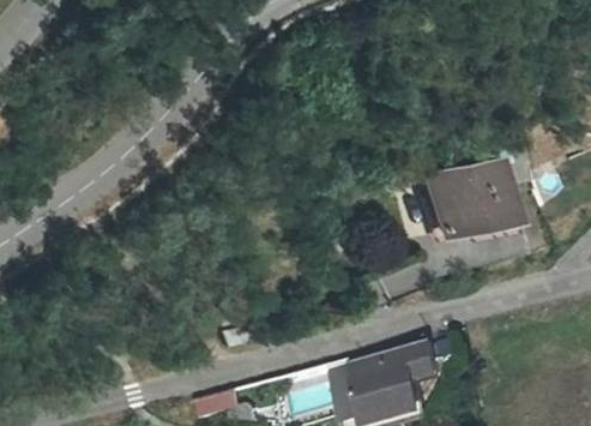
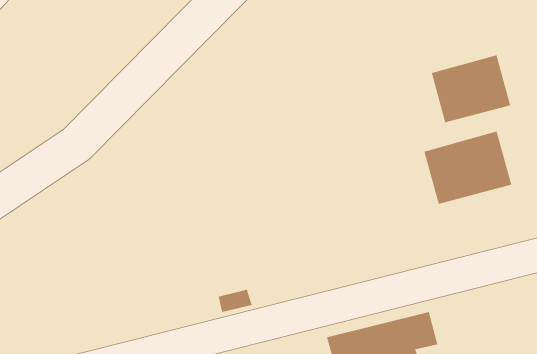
building: none -> [431,54,511,123]

